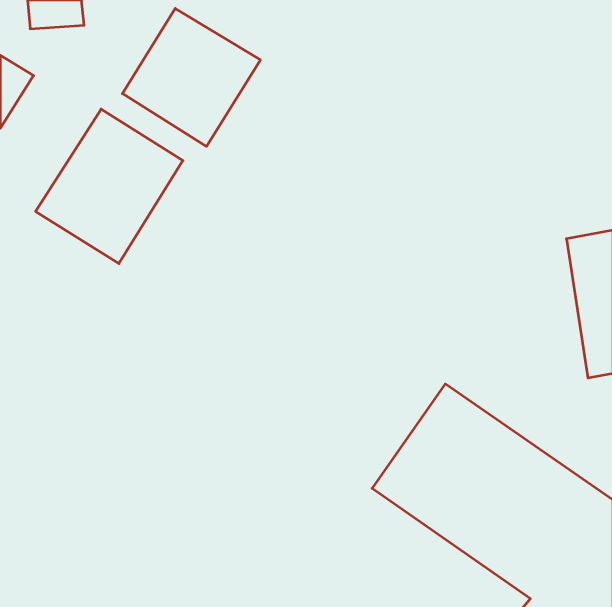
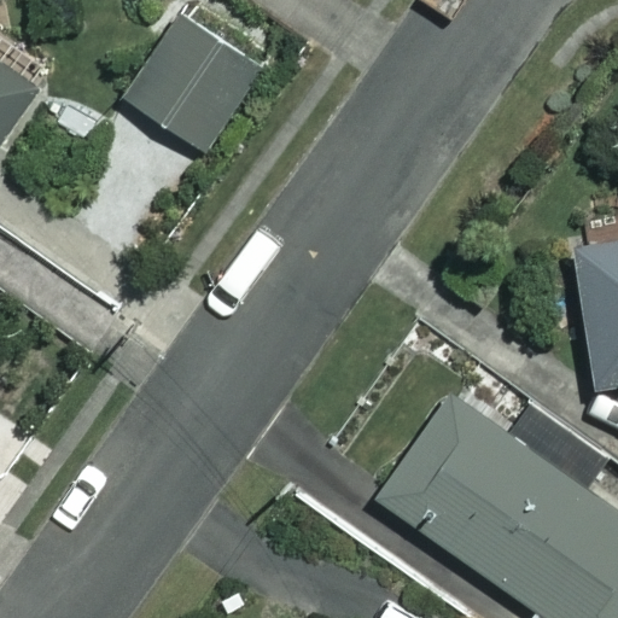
building: [36,109,183,264] -> none

